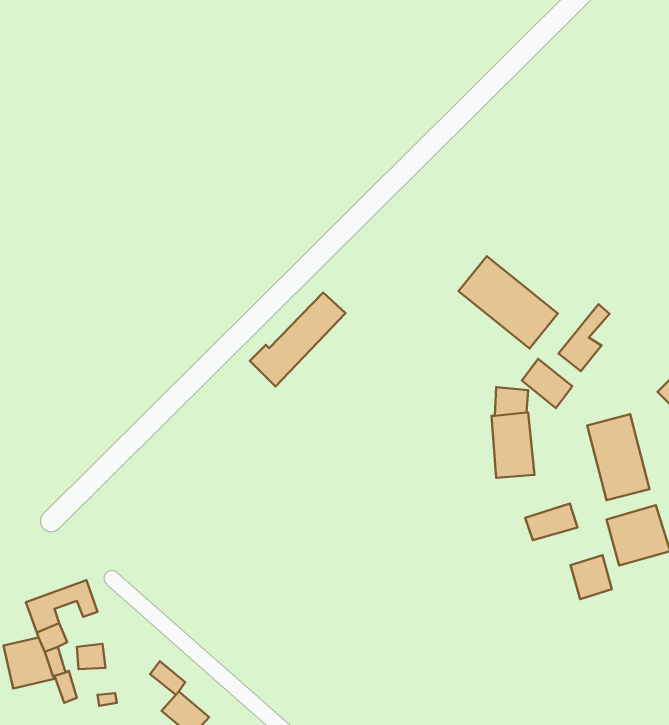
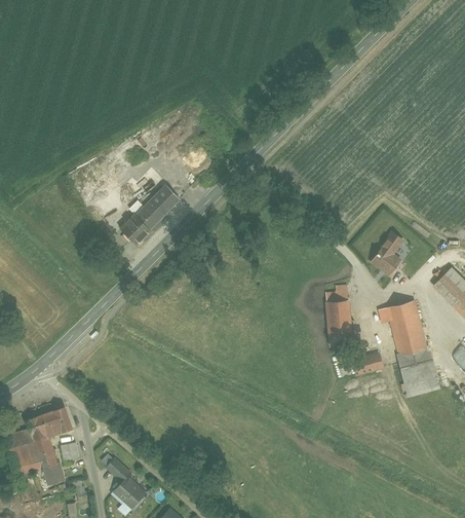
building: [459,256,558,348] -> none
building: [250,292,346,386] -> [118,188,180,249]
building: [522,359,572,408] -> none
building: [571,555,612,599] -> none

